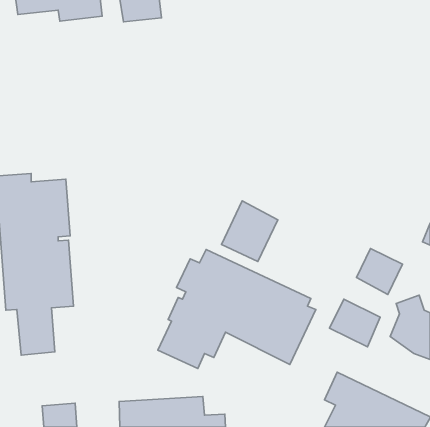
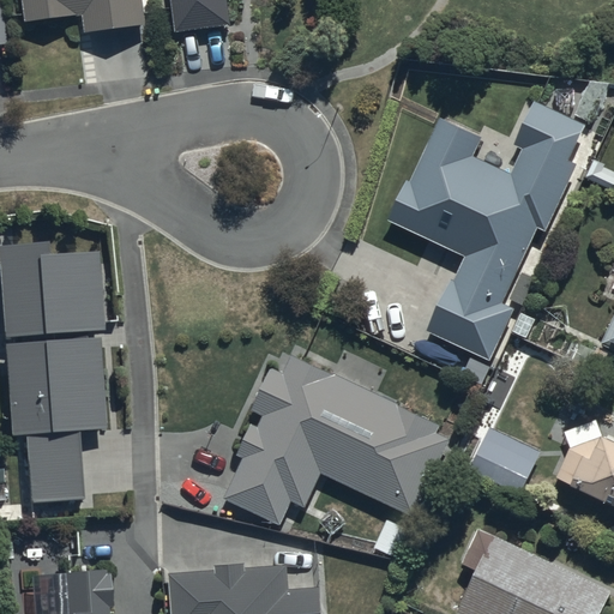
building: none -> [389,102,586,361]
building: [221,201,278,262] -> none
building: [356,249,403,294] -> none

